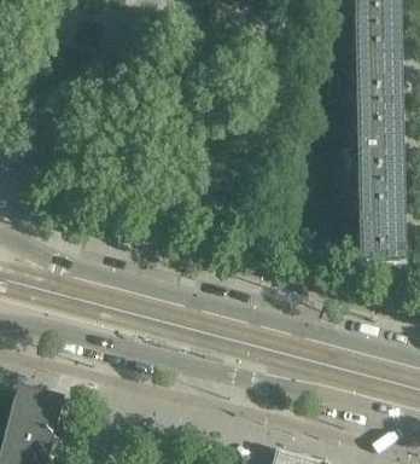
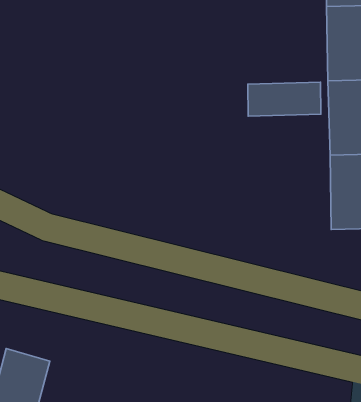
building: none -> [248,82,321,116]

